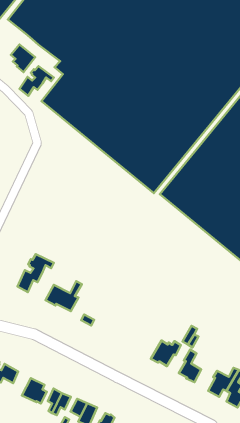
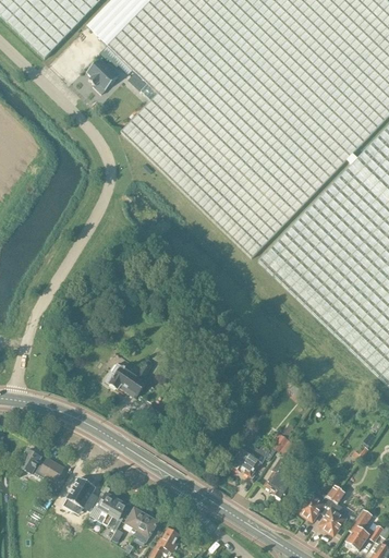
building: [19,66,54,96] -> none
building: [17,254,54,292] -> none

